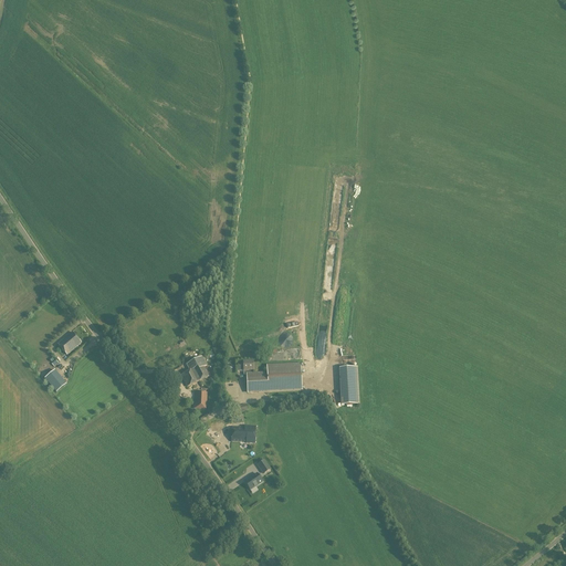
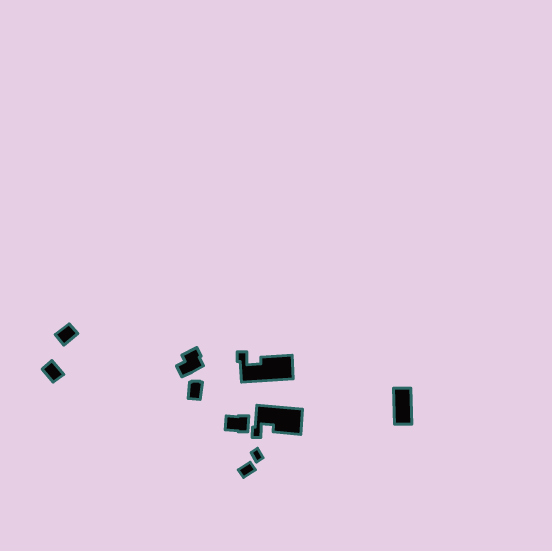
building: [338,366,357,402] -> [394,388,412,424]
building: none -> [252,405,303,437]

